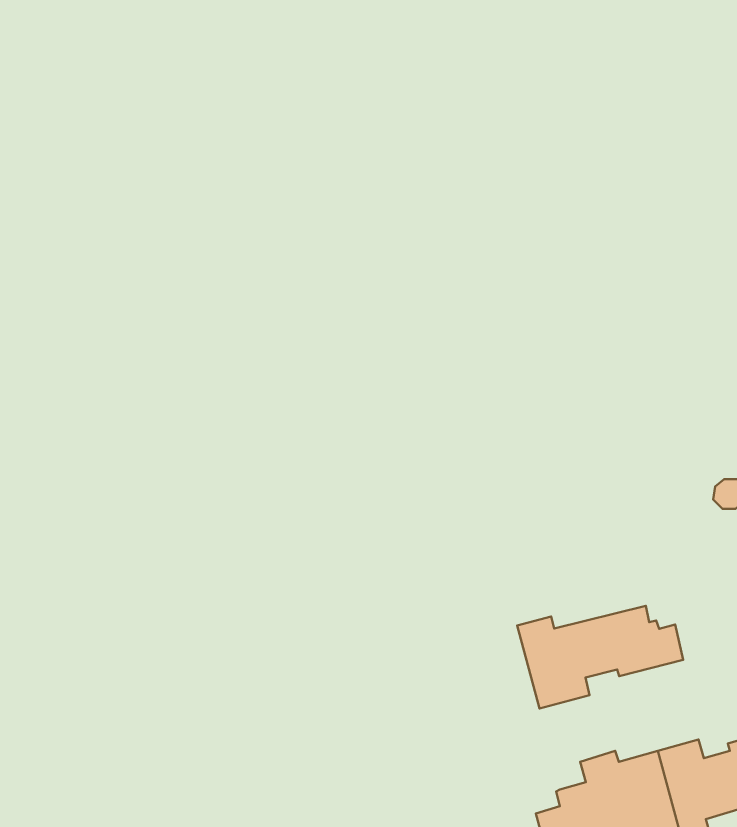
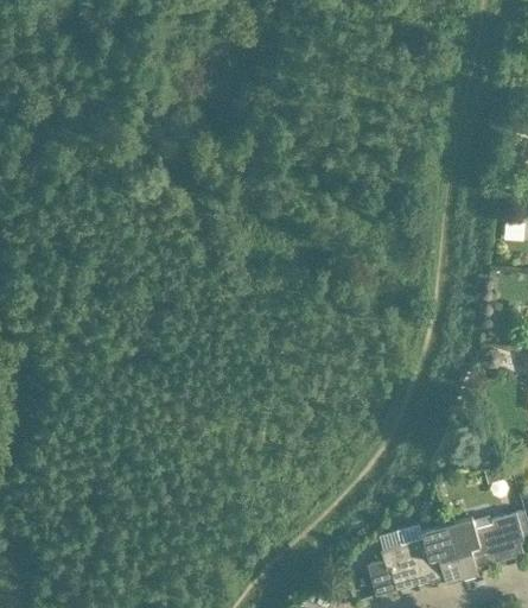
building: [517,606,683,709] -> none

